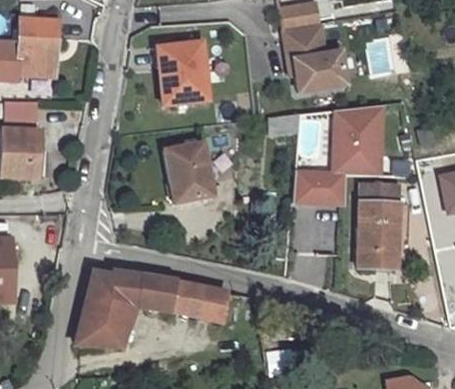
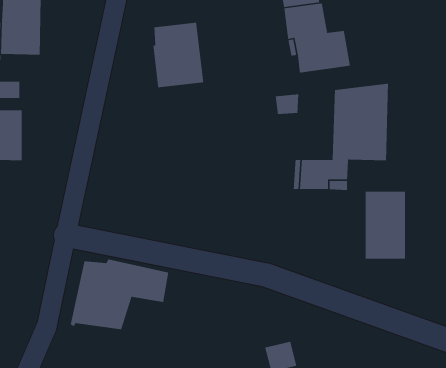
building: [165,144,212,203] -> none
building: [362,183,401,204] -> none
building: [171,281,227,319] -> none

